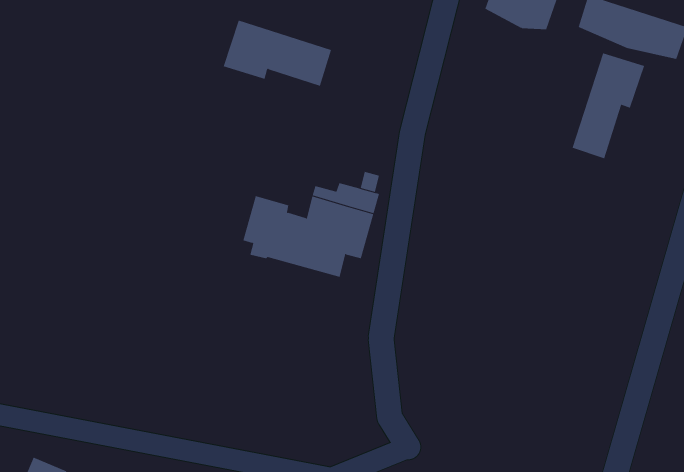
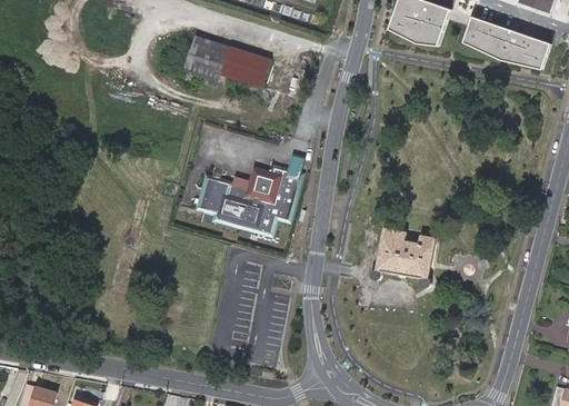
building: [572,53,645,159] -> none
building: none -> [368,227,435,286]

